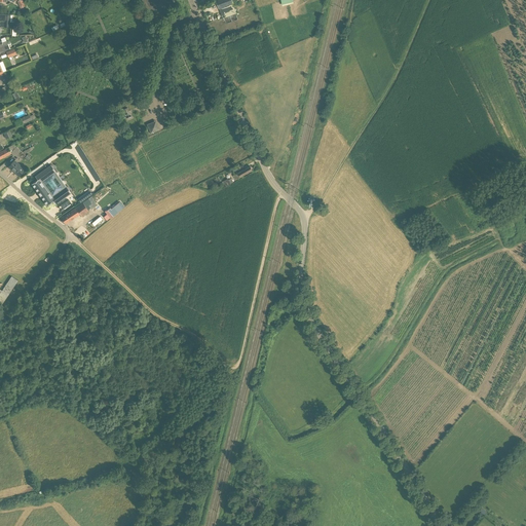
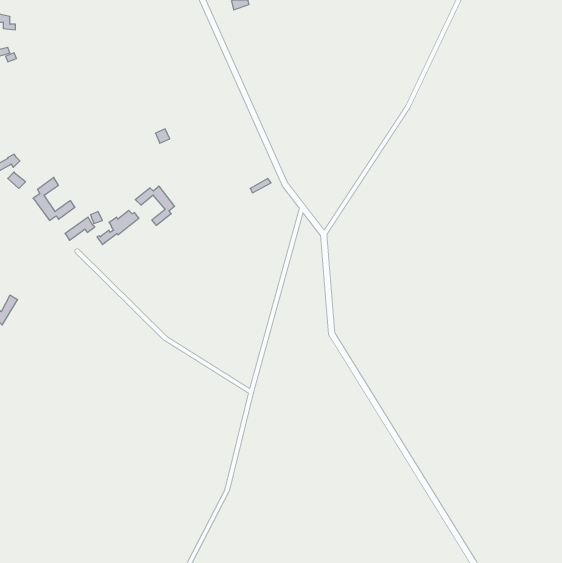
building: none -> [135,186,174,225]

